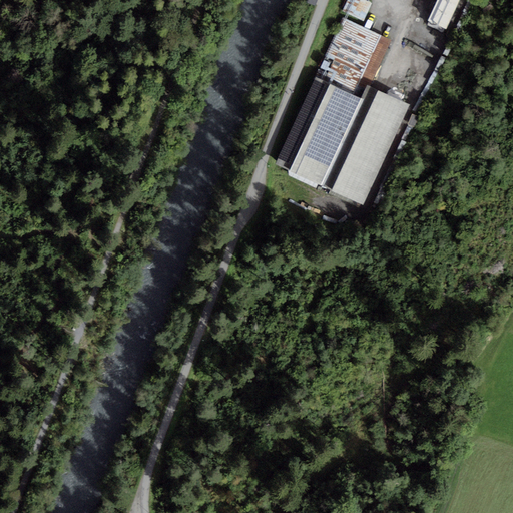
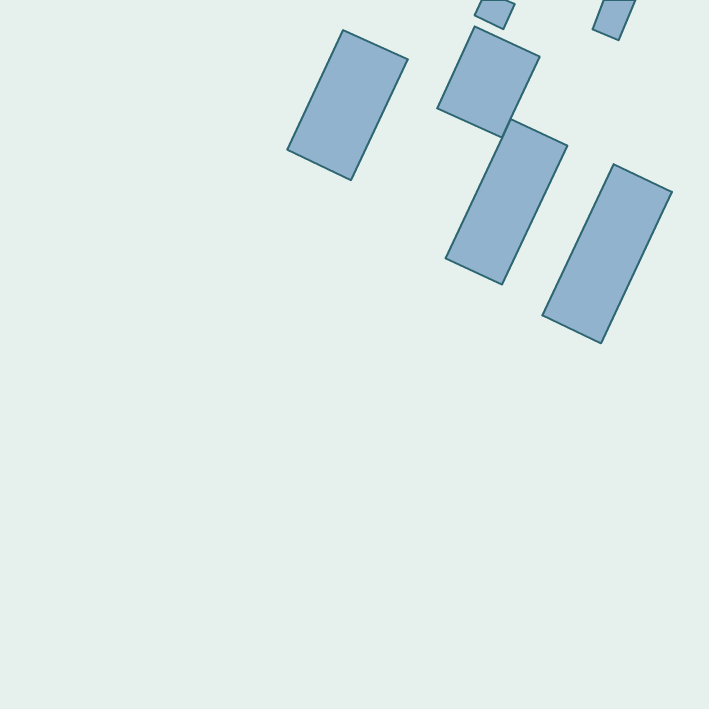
building: [276,78,363,186] -> [287,30,408,180]
building: none -> [542,164,672,343]

